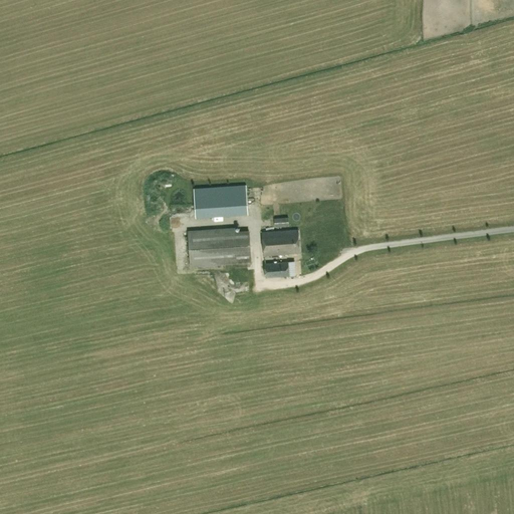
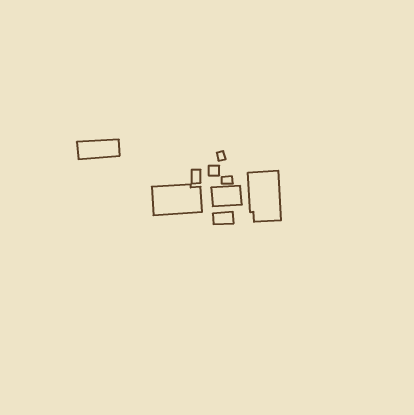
building: [193,186,246,210] -> [77,140,120,159]
building: none -> [248,171,281,222]

